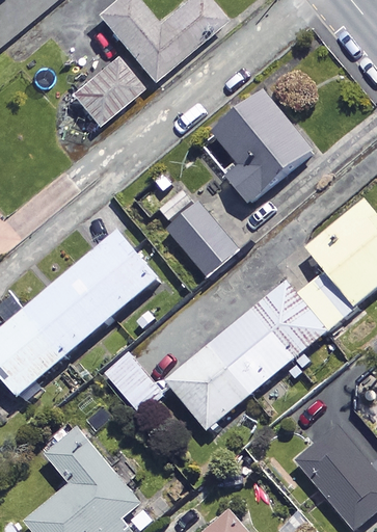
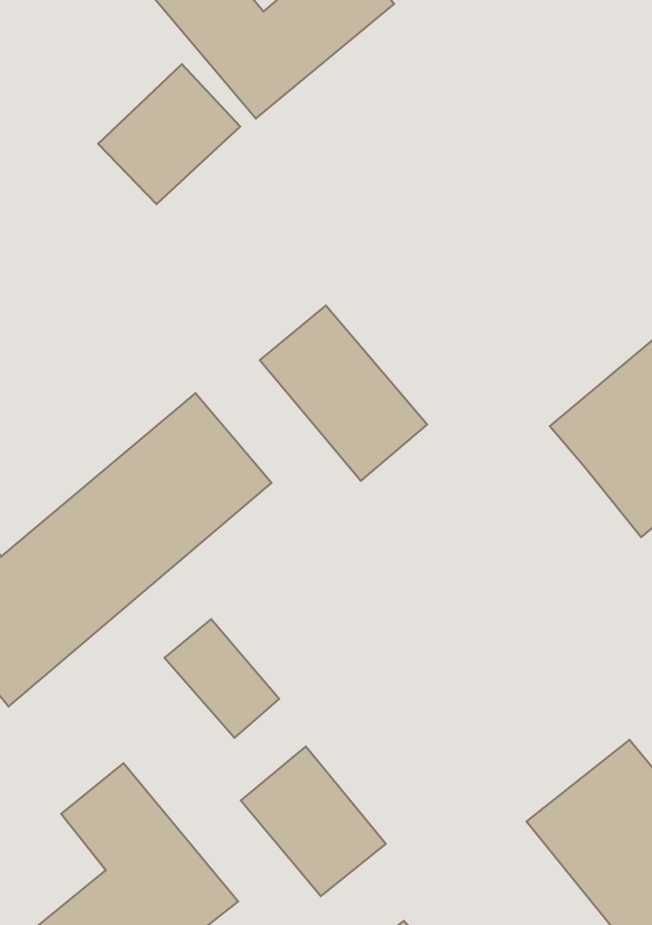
building: [214,92,314,204] -> none
building: [166,269,355,430] -> none
building: none -> [241,747,386,896]

